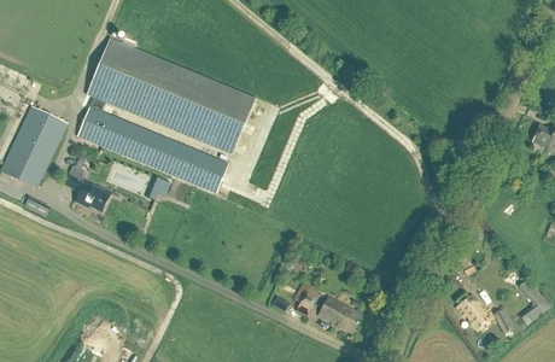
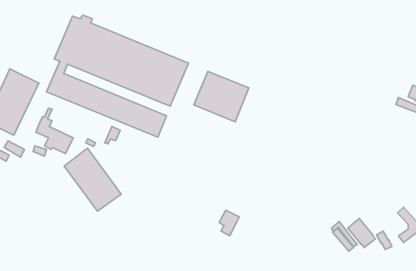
building: none -> [194,71,249,122]
building: none -> [64,148,121,211]
building: [320,297,363,334] -> none

